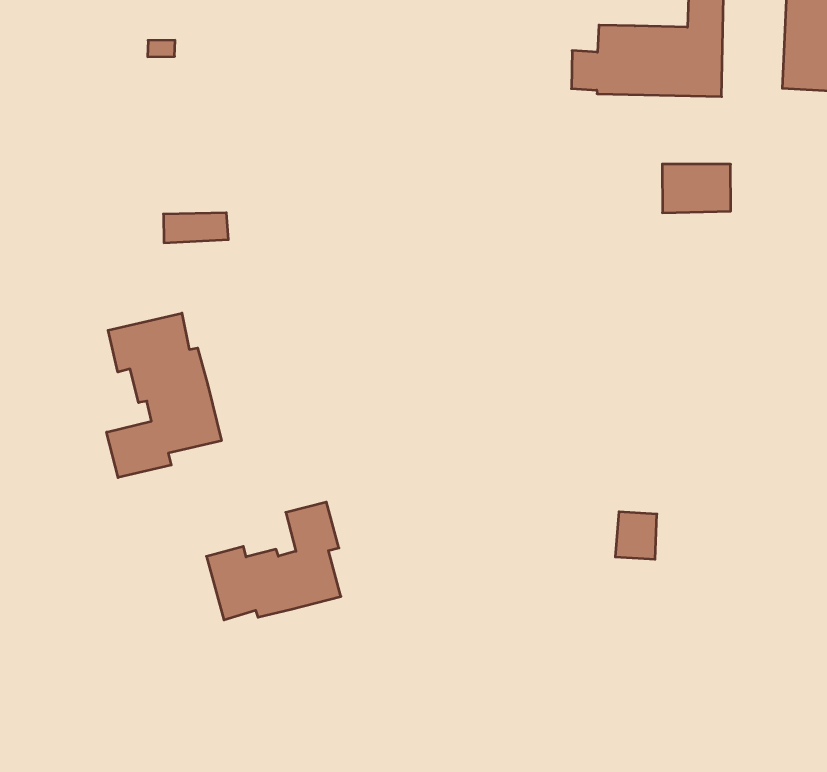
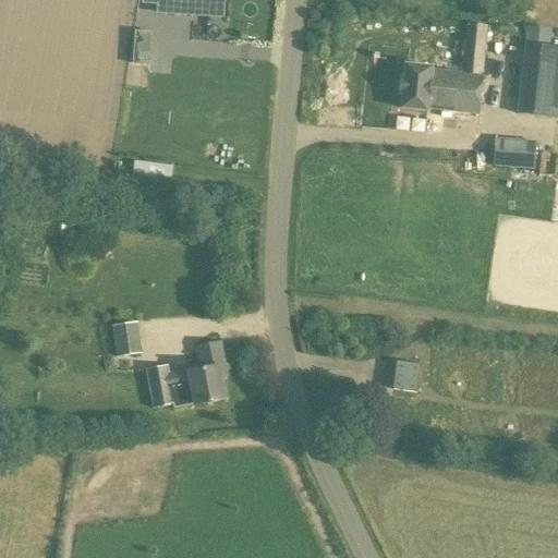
building: [662,164,731,213] -> [493,135,536,167]
building: [107,313,221,478] -> none
building: none -> [111,319,142,355]

